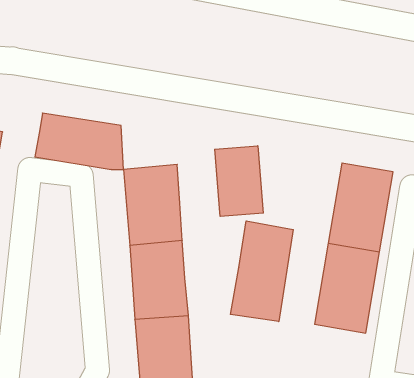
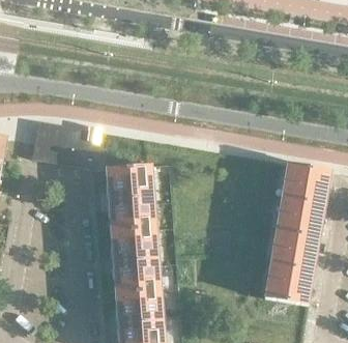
building: [215,146,263,216] -> none
building: [230,221,293,322] -> none

